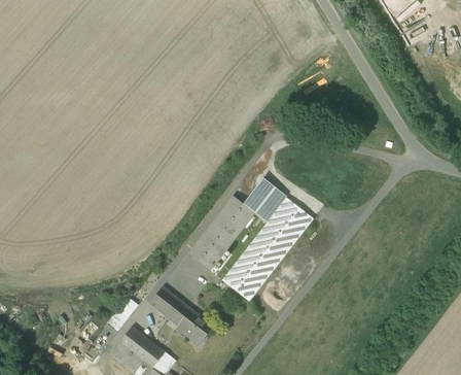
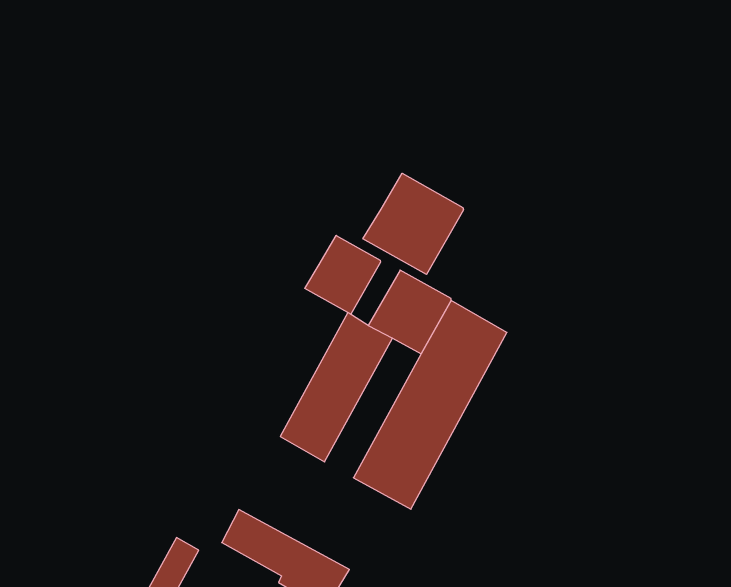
building: none -> [363,173,464,274]
building: none -> [305,235,381,314]

